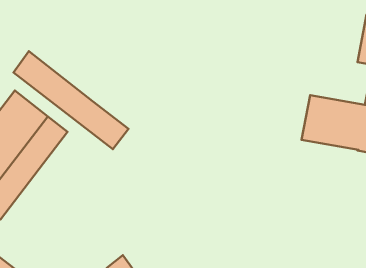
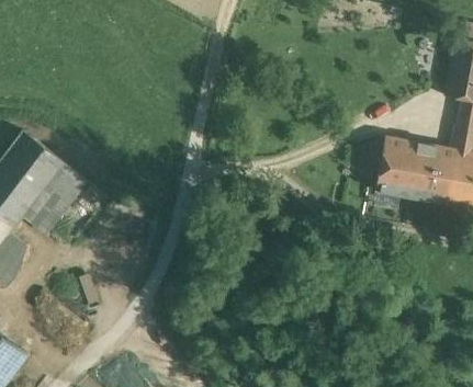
building: [13,51,128,149] -> none

